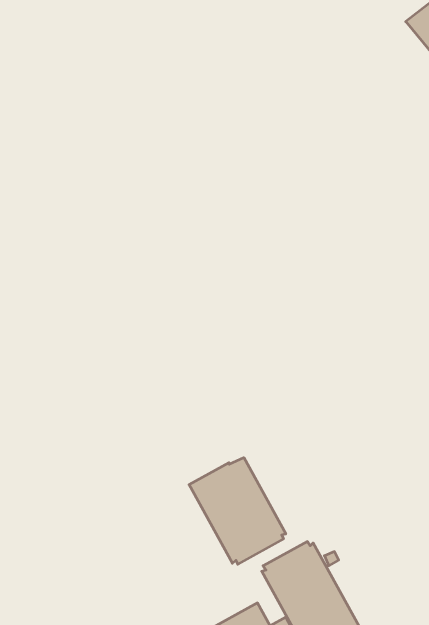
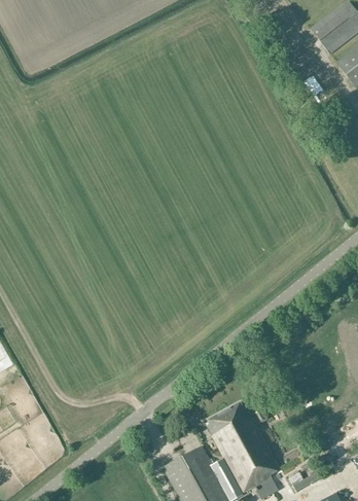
building: [189,458,286,564] -> none

